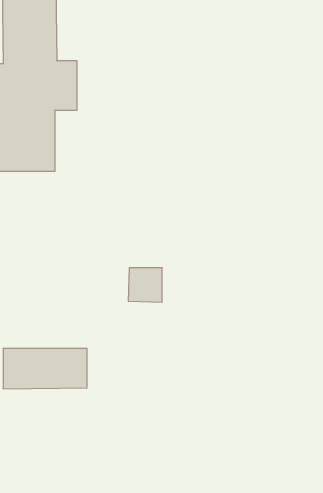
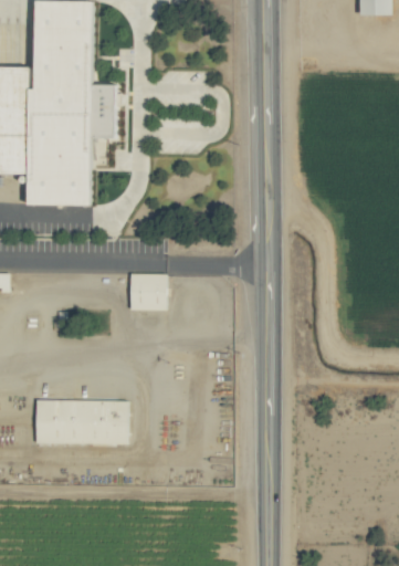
building: [128,268,162,302] -> [127,273,165,311]

